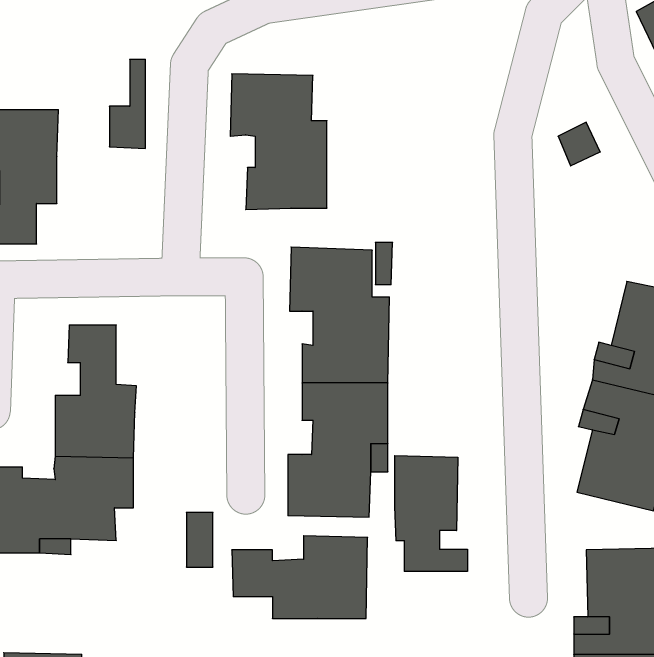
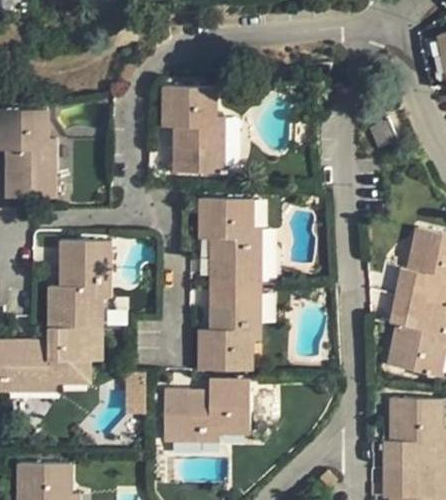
building: [109,59,145,148] -> [38,140,61,197]
building: none -> [89,248,112,304]
building: [395,456,467,571] -> none
building: none -> [164,422,219,445]

